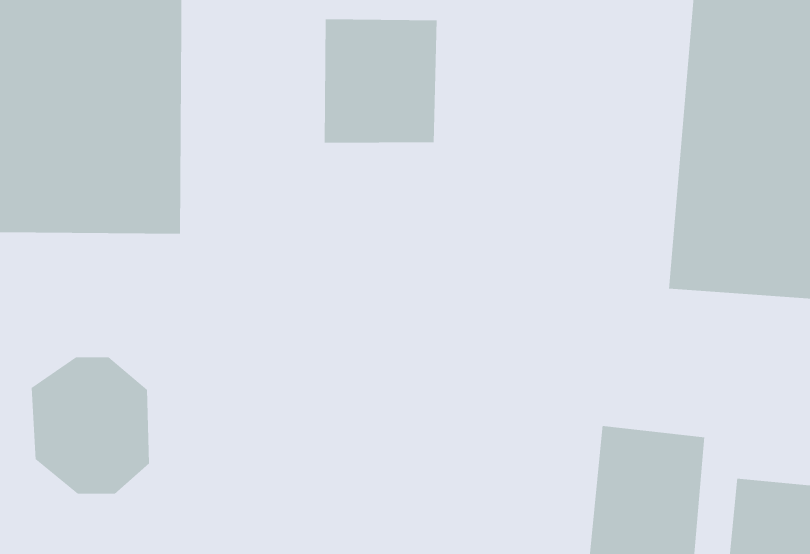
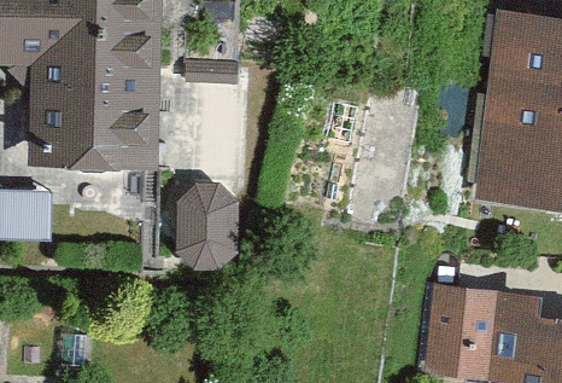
building: [324,19,437,144] -> none
building: [31,356,150,495] -> [178,188,252,274]

